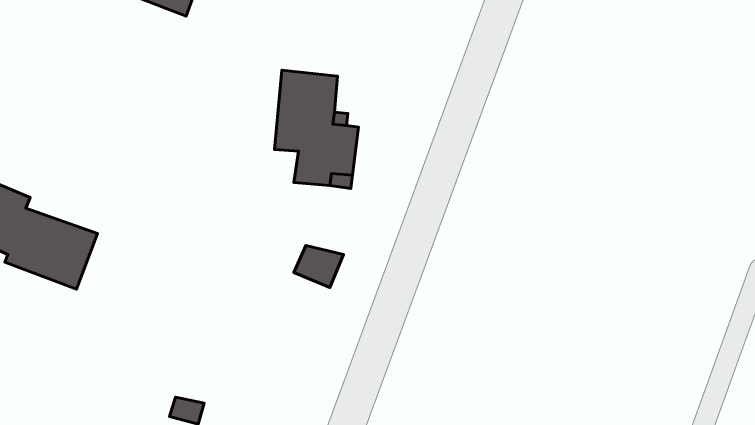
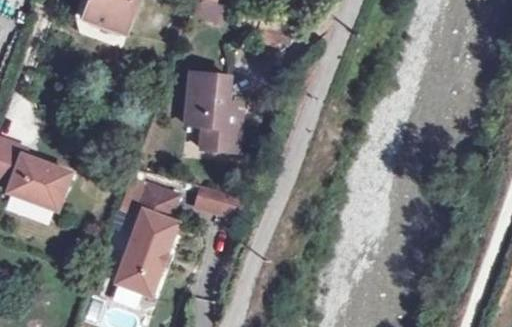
building: none -> [115,183,181,294]

